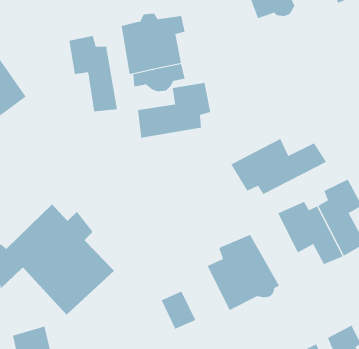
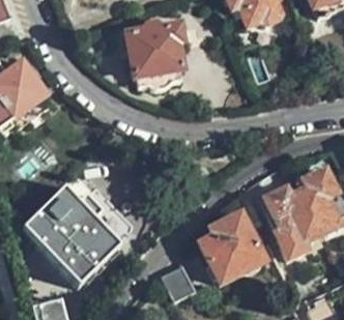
building: [69,35,117,112] -> none
building: [137,82,211,138] -> none
building: [230,138,327,195] -> none

